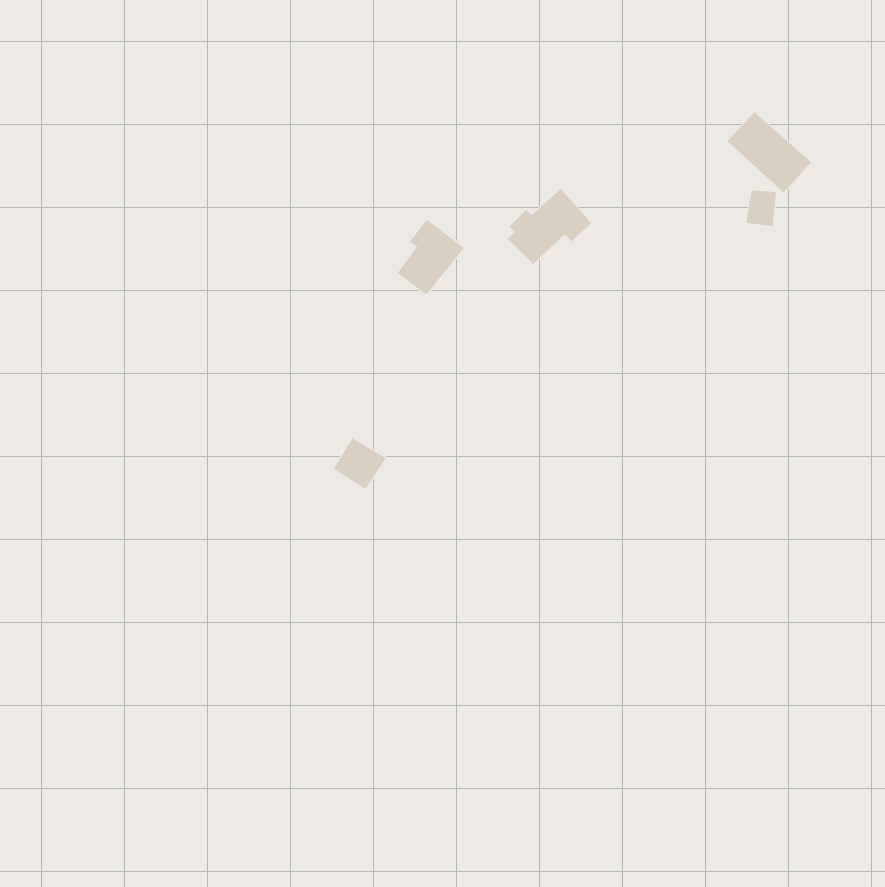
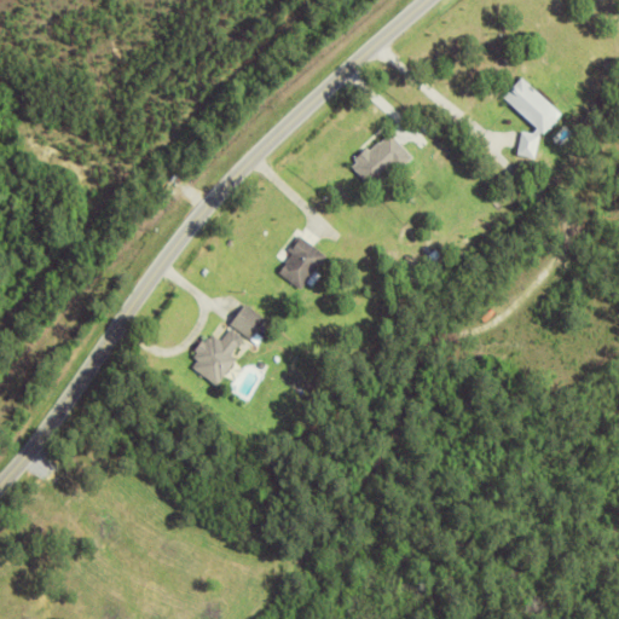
building: [397,219,465,295] -> [278,235,325,288]
building: none -> [191,329,242,384]

